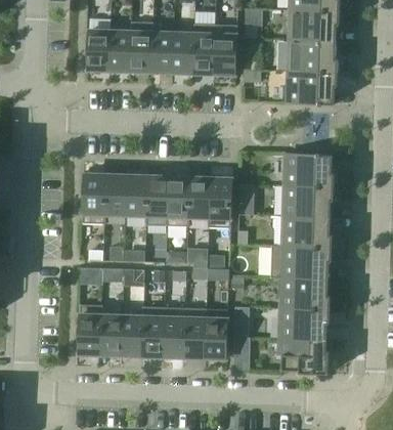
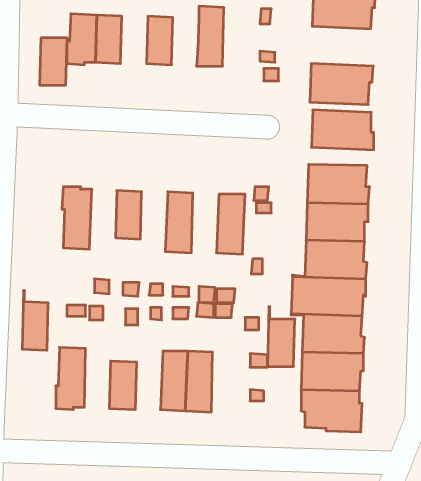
building: [214,25,237,74] -> none
building: [130,32,152,71] -> [40,38,67,85]
building: [172,33,194,73] -> none
building: [287,40,338,73] -> [311,110,374,150]
building: [104,174,127,223] -> none
building: [146,176,169,225] -> none
building: [188,177,211,226] -> none
building: [100,305,122,354] -> [22,291,48,350]
building: [142,307,165,355] -> none
building: [205,308,227,357] -> [267,307,295,366]

